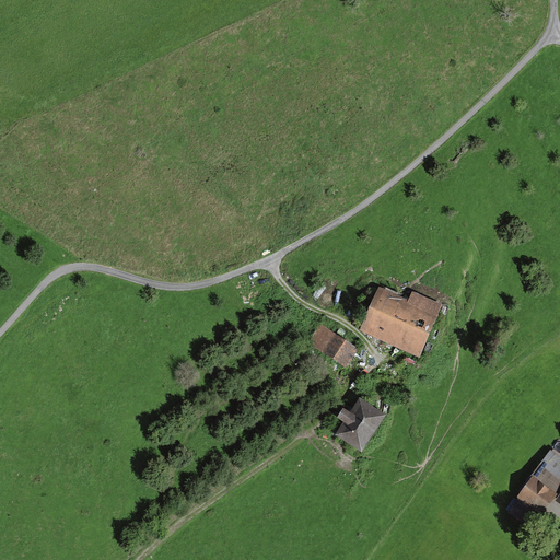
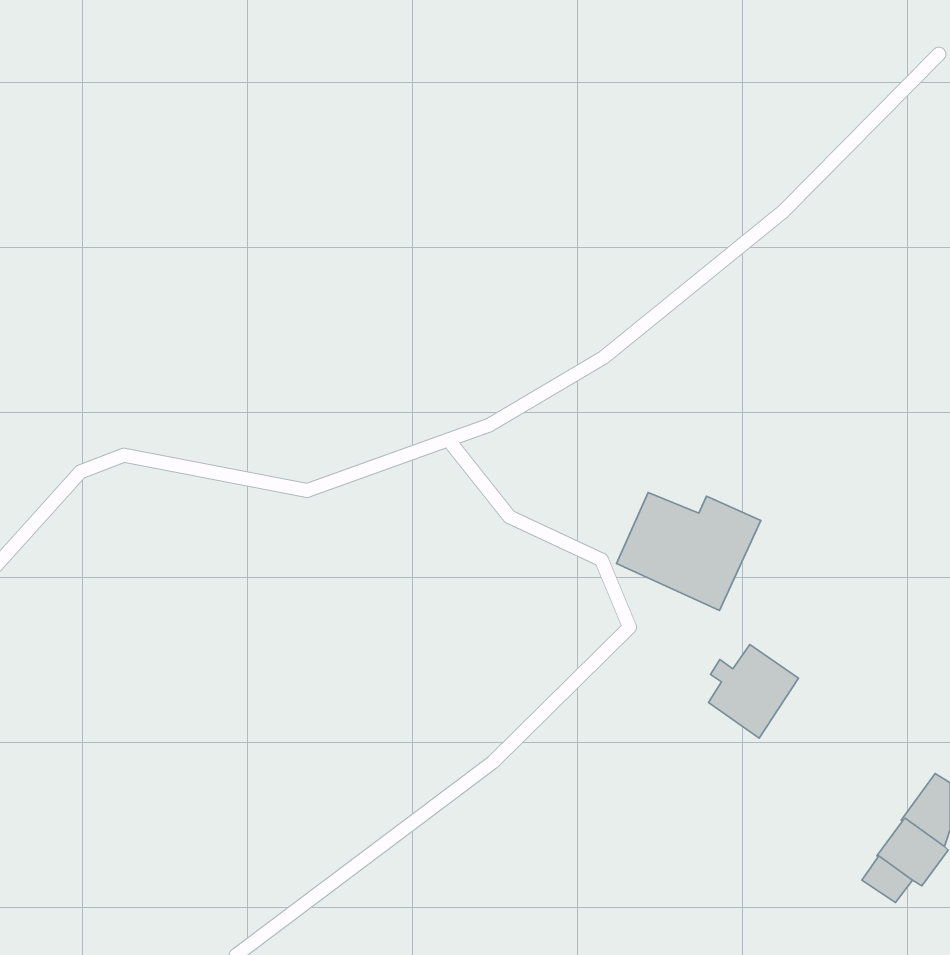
building: [306,325,357,366] -> none
building: [337,398,389,453] -> [708,644,798,738]

